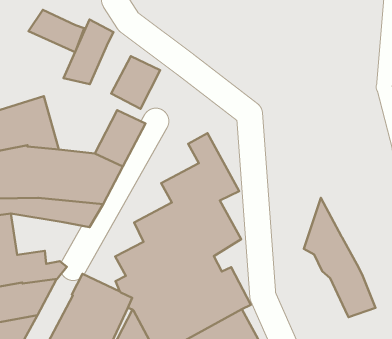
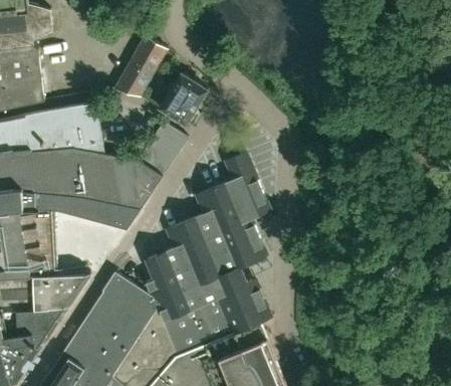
building: [29,10,84,52] -> none
building: [304,198,375,317] -> none

